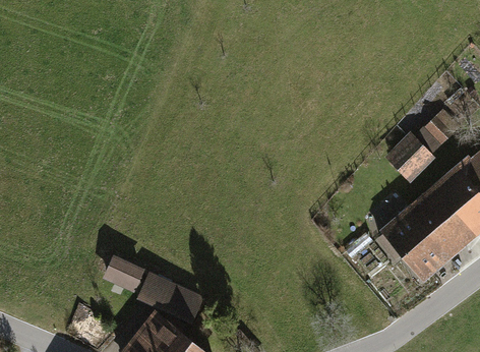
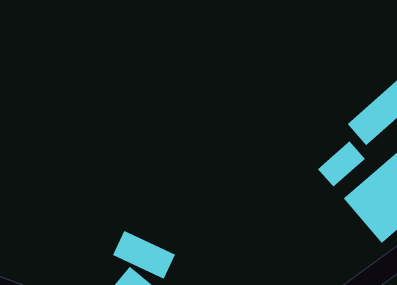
building: none -> [317,141,366,188]
building: [101,254,143,291] -> none

